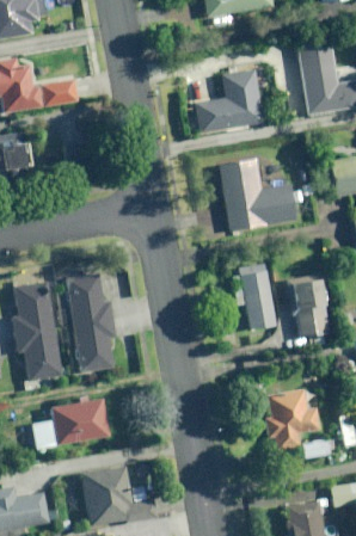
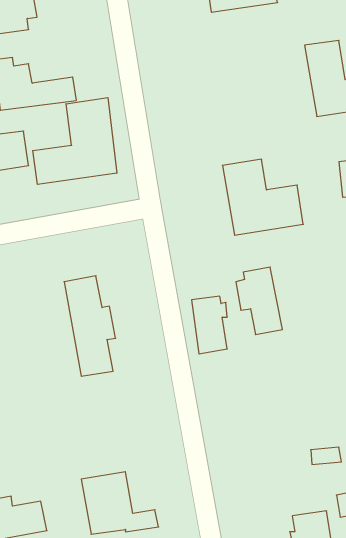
building: [195,69,263,131] -> none
building: none -> [33,98,117,184]
building: [12,279,63,380] -> none
building: [293,279,327,335] -> [192,296,227,354]
building: [264,390,319,450] -> none
building: [32,394,108,446] -> none

